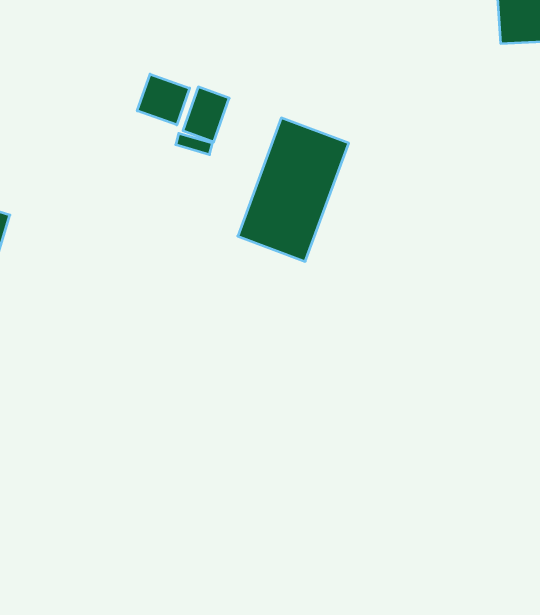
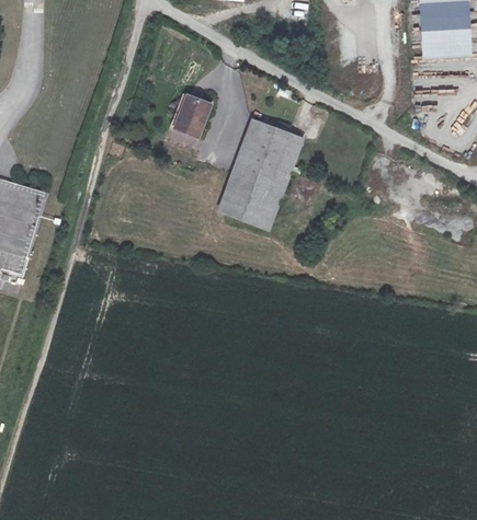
building: [137,74,190,125] -> none

